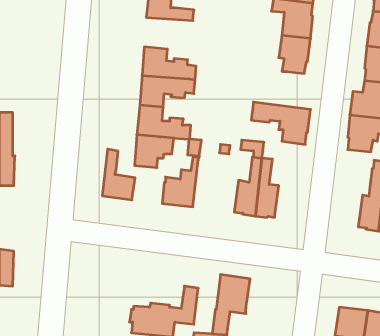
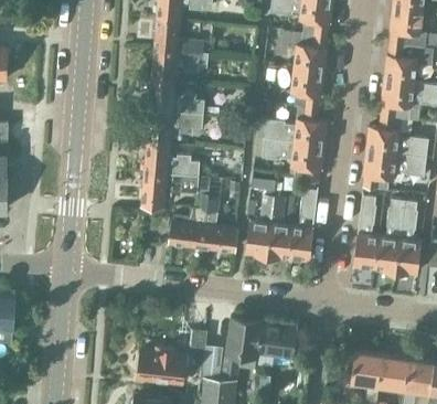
building: none -> [151,50,209,83]
building: none -> [265,106,328,146]
building: [102,149,135,200] -> [202,199,236,252]
building: none -> [287,189,318,261]
building: none -> [353,195,379,268]
building: none -> [257,322,296,358]

